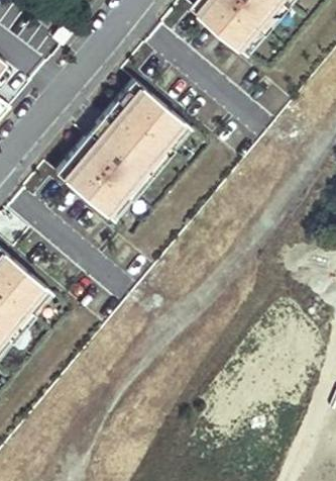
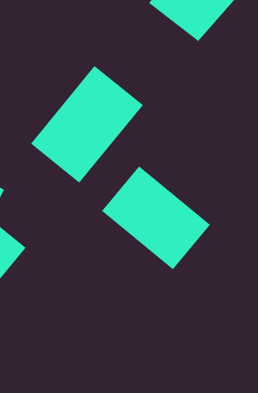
building: none -> [101,166,211,270]

